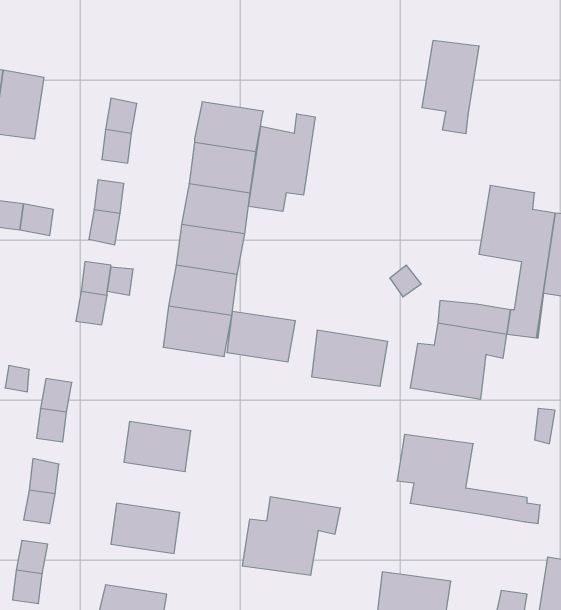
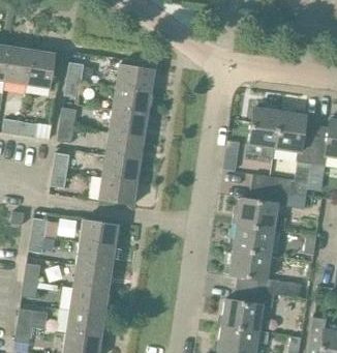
building: [422,41,479,133] -> [248,107,280,158]
building: none -> [27,50,55,88]
building: [248,114,315,211] -> none
building: [227,312,295,362] -> [80,218,118,246]
building: [312,330,388,386] -> [233,223,275,254]
building: none -> [72,264,111,292]
building: [242,497,341,575] -> [220,287,275,330]
building: none -> [66,310,104,337]

